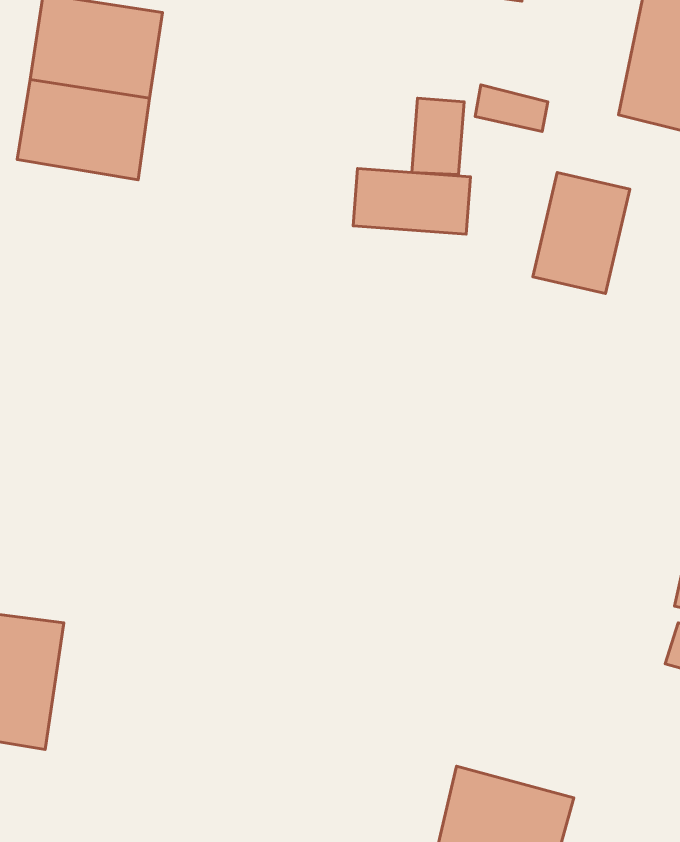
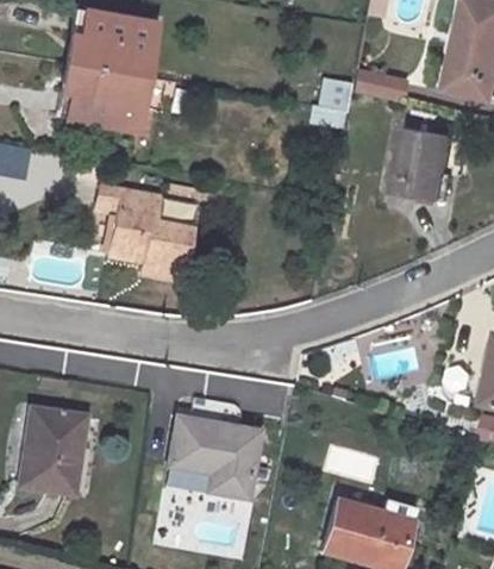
building: [353,168,471,234] -> none
building: none -> [96,185,202,281]
building: none -> [175,415,265,496]

